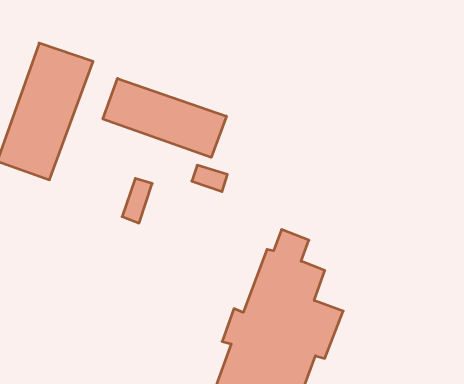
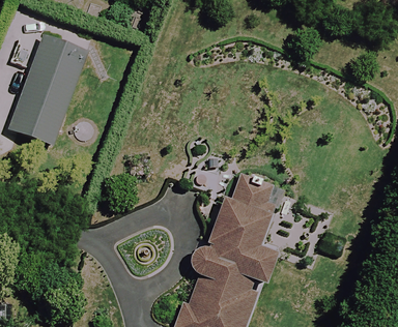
building: [103,78,226,157] -> none

